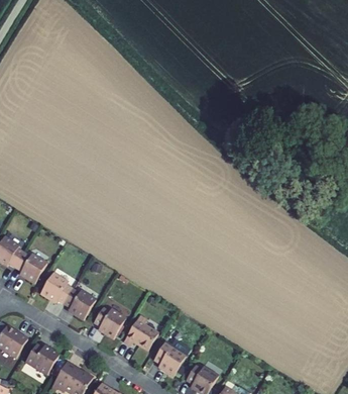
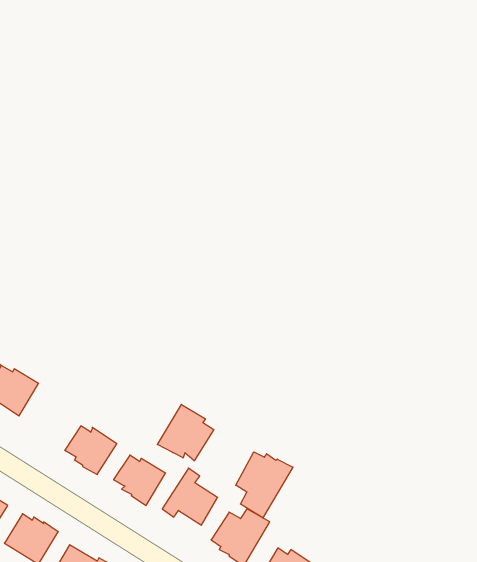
building: [40,273,73,304] -> none
building: none -> [157,404,214,461]
building: none -> [236,452,293,518]

